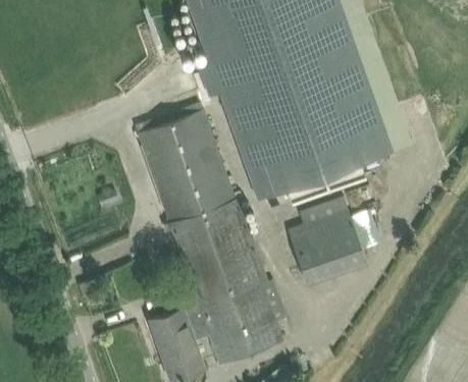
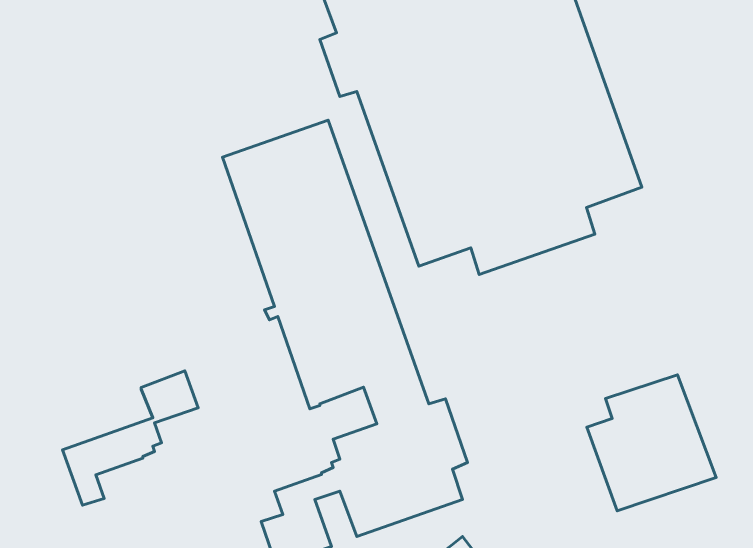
building: [288,197,366,279] -> [587,375,716,511]
building: [149,271,231,352] -> [62,371,198,505]

